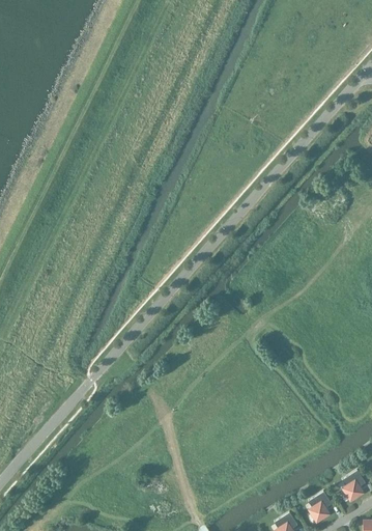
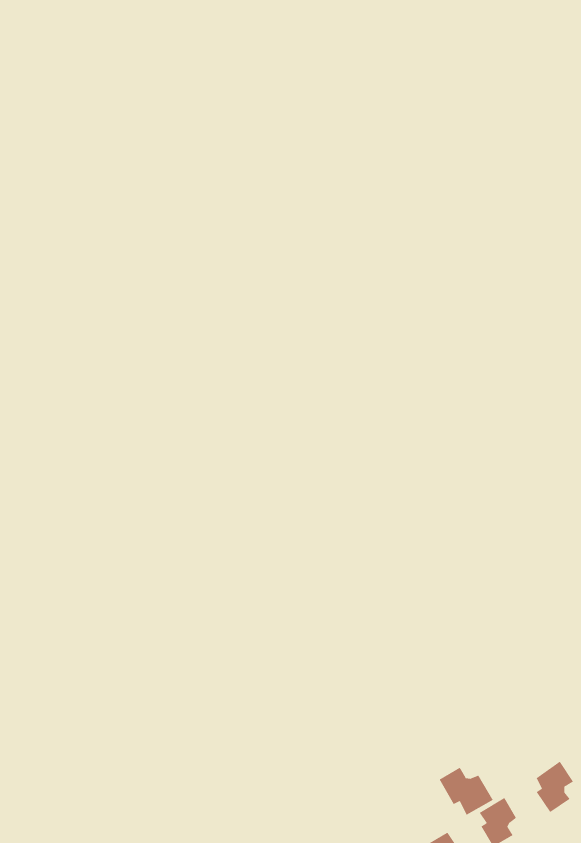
building: none -> [439,767,493,816]

